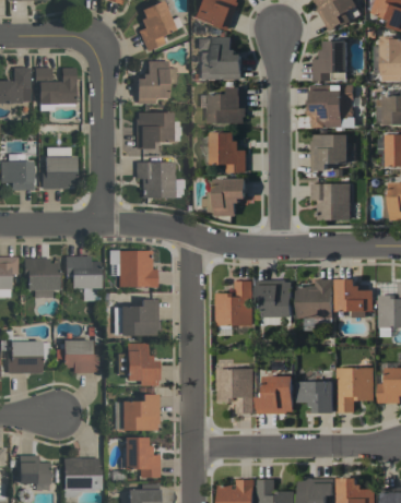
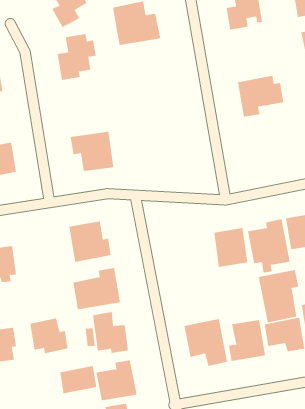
building: [309,84,354,127] -> none
building: [208,86,245,123] -> none
building: [134,111,178,148] -> none
building: [210,131,246,172] -> none
building: [203,177,247,214] -> none
building: [310,182,351,219] -> none
building: [63,255,99,288] -> none
building: [215,280,252,325] -> none
building: none -> [258,269,299,323]
building: none -> [60,365,97,394]

